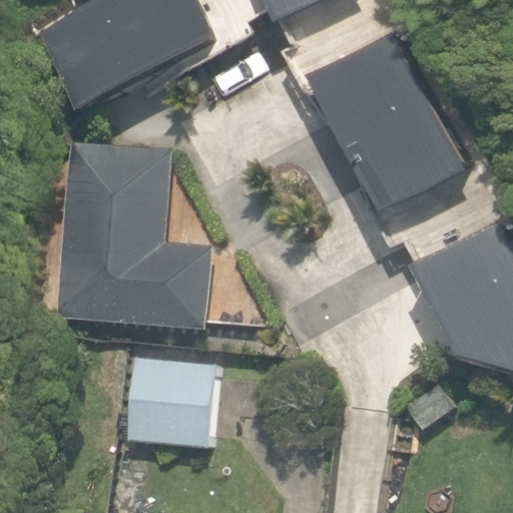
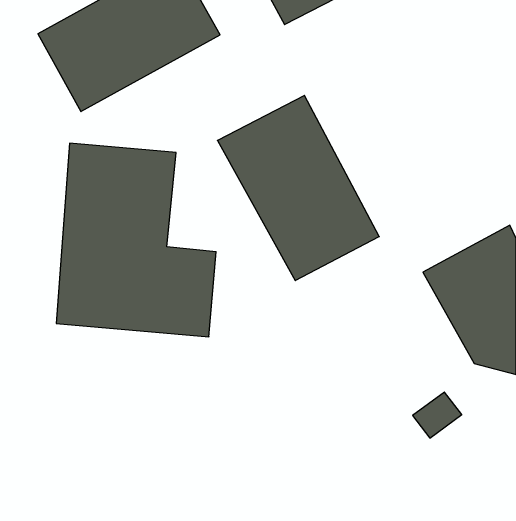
building: [309,32,467,213] -> [217,95,379,281]
building: [128,358,216,449] -> none

